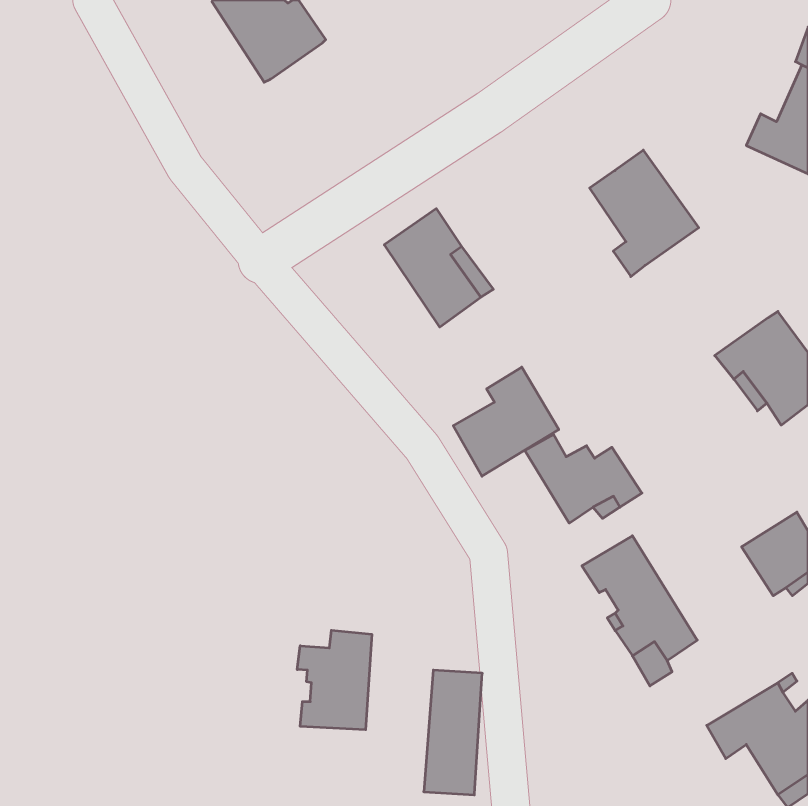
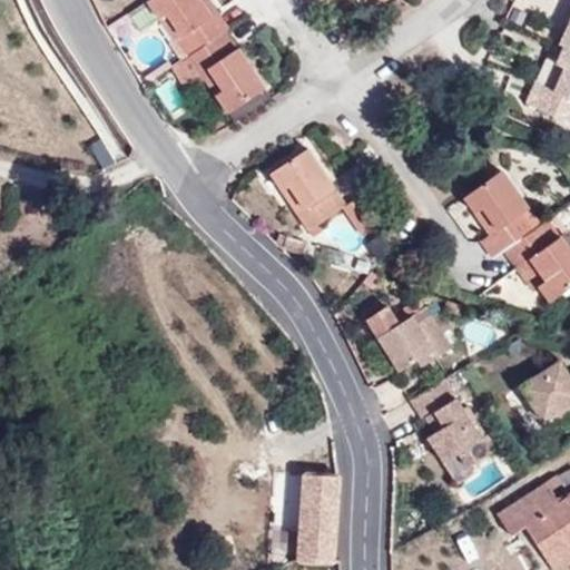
building: none -> [190,31,265,115]
building: [590,150,699,277] -> [464,170,541,259]
building: [453,367,559,476] -> none
building: [297,630,372,730] -> none

